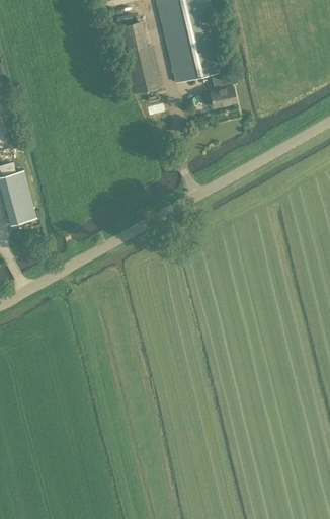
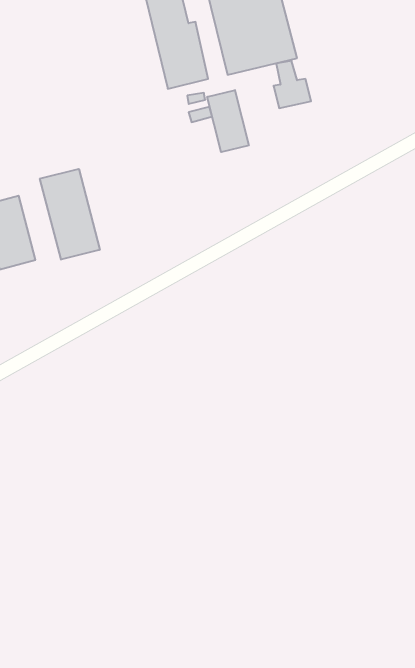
building: none -> [207,90,249,152]
building: none -> [40,169,100,260]

